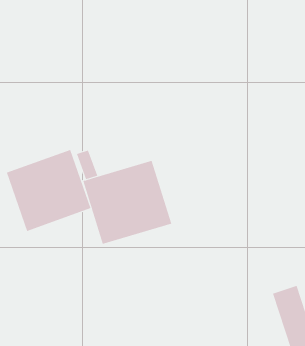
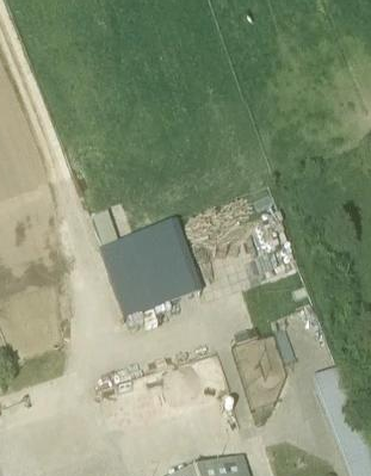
building: [6,149,91,232] -> none

